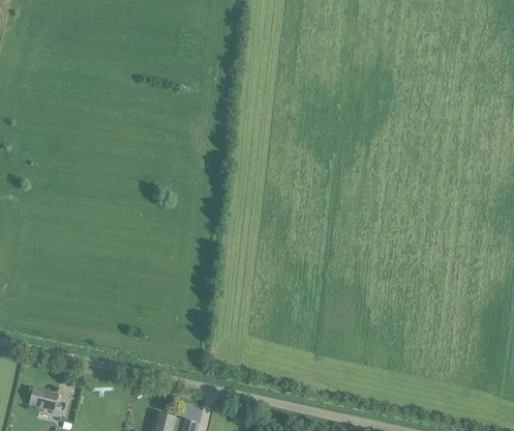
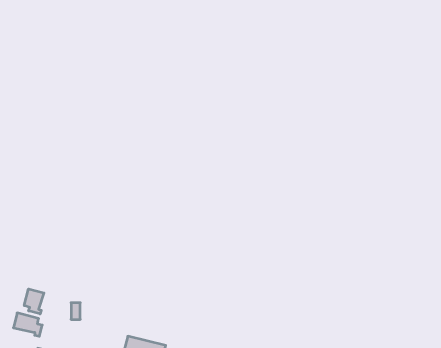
building: none -> [24,289,44,314]

